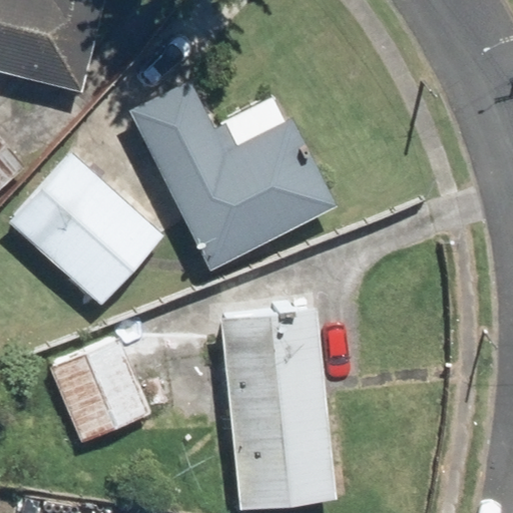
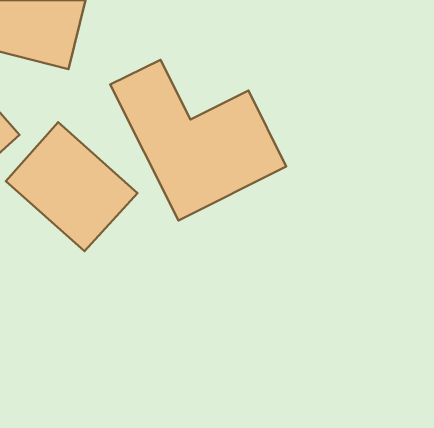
building: [221,308,335,508] -> none
building: [47,341,147,444] -> none

